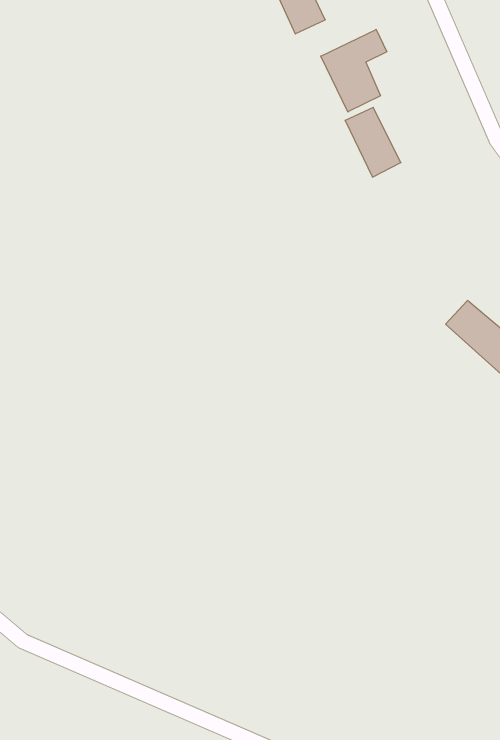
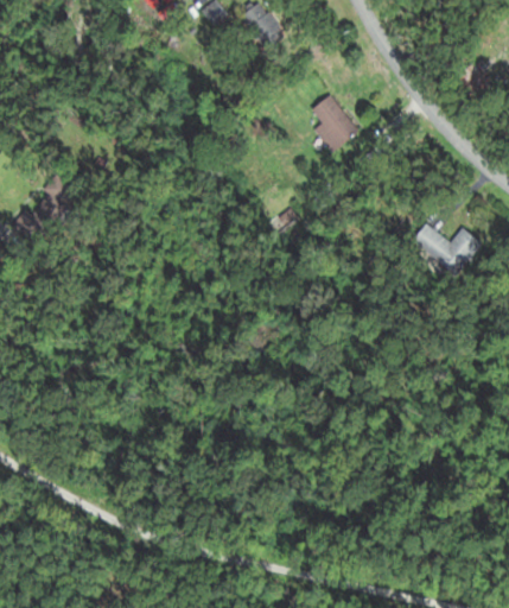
building: [321,29,387,112] -> none

